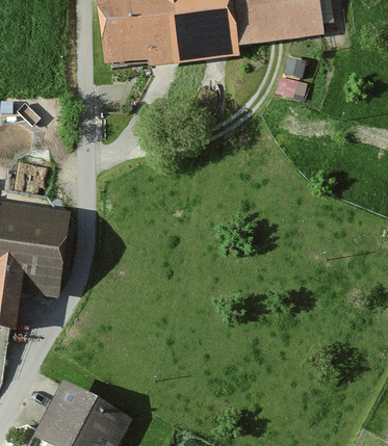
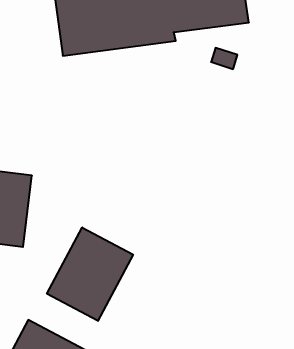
building: none -> [47,227,133,321]

